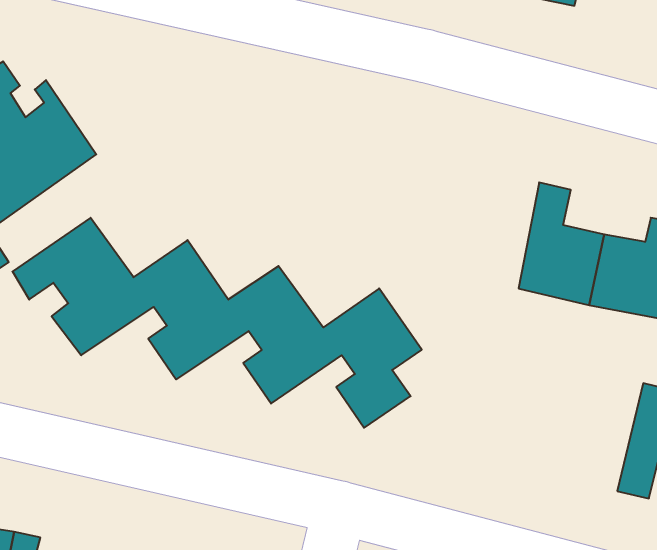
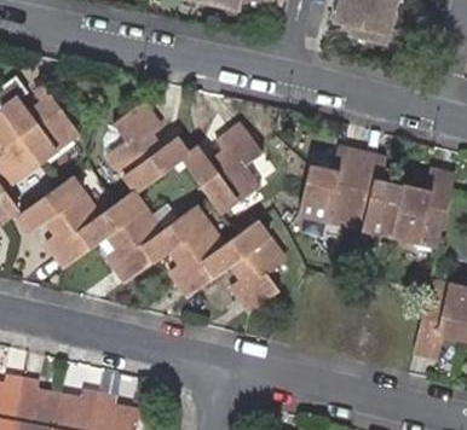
building: none -> [110,100,266,209]
building: none -> [300,150,362,222]

